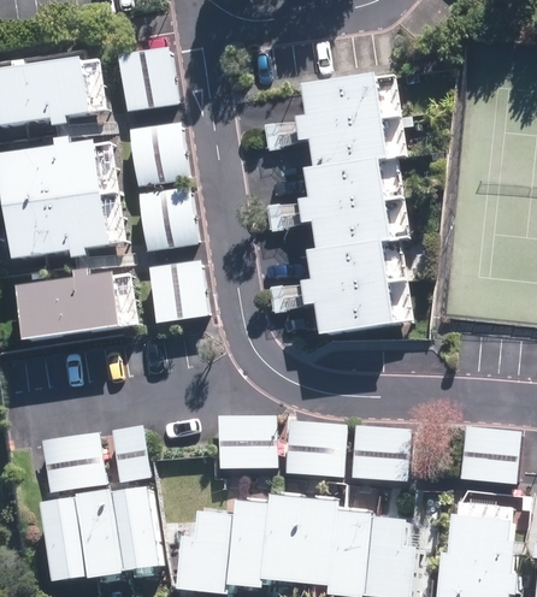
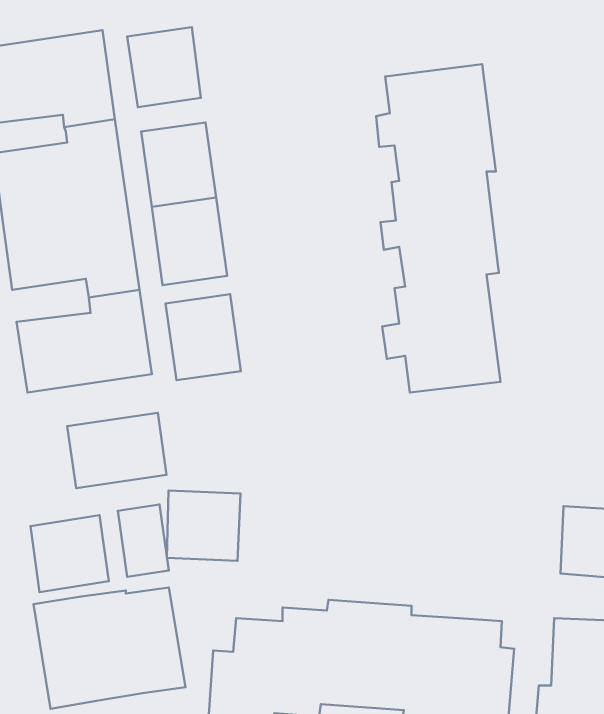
building: none -> [67,413,167,488]
building: [217,414,275,469] -> [167,490,241,561]
building: [281,419,343,475] -> none
building: [349,425,409,480] -> none

